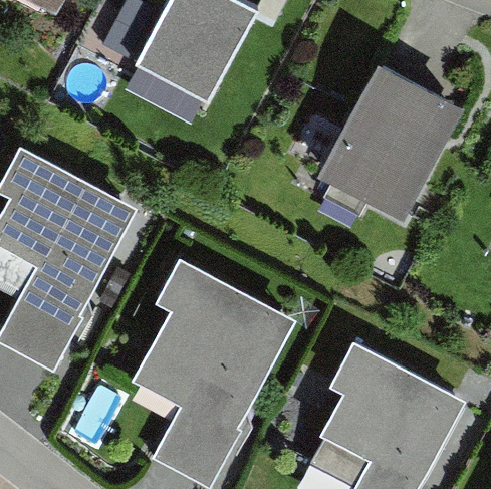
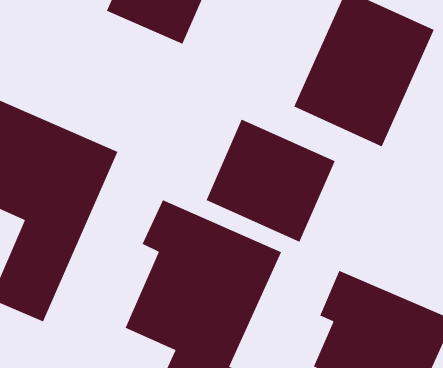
building: none -> [205,119,336,243]

